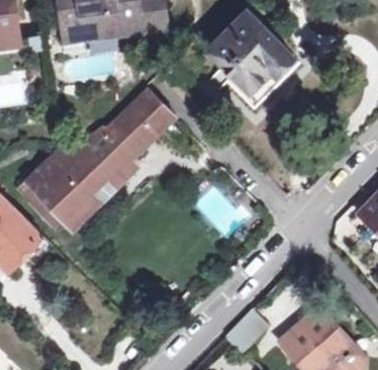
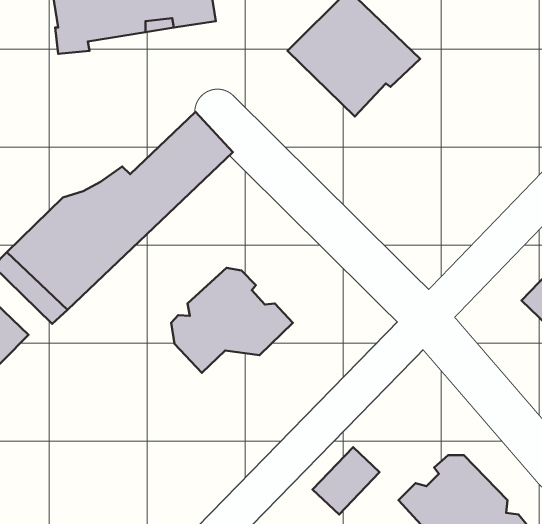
building: none -> [171,268,293,373]

